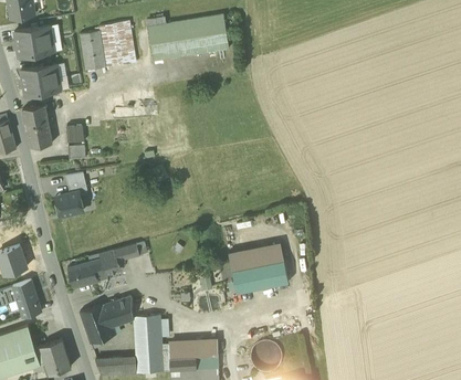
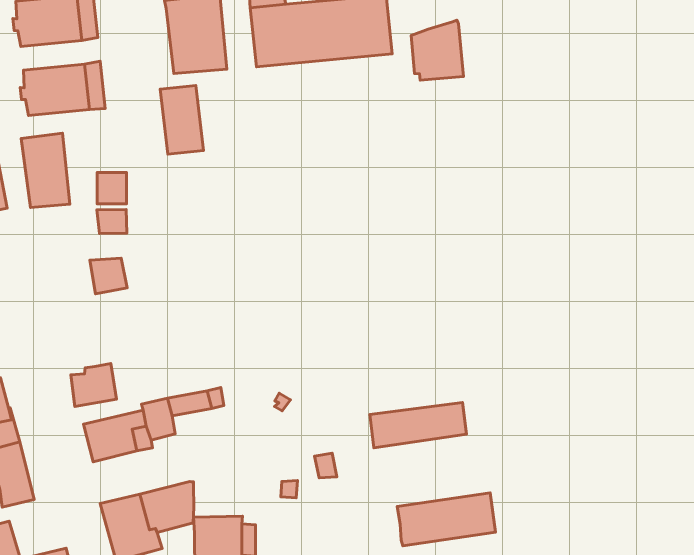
building: none -> [411,20,464,80]
building: [80,31,106,71] -> [160,85,203,154]
building: [56,192,83,218] -> [71,364,116,406]
building: [232,261,289,294] -> [397,493,496,546]

